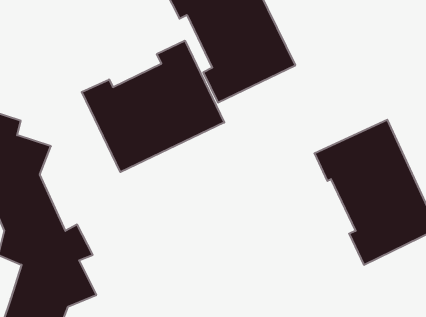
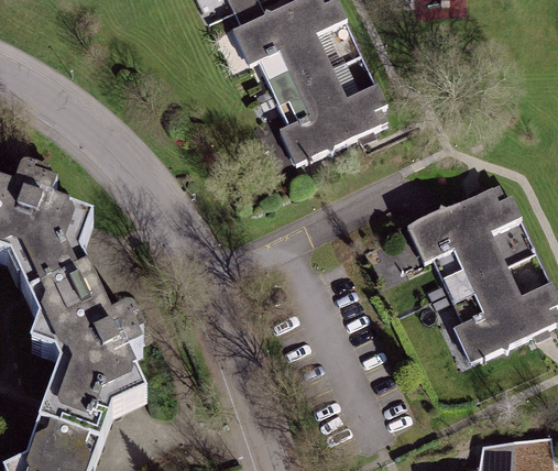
building: [82,41,224,172] -> none

